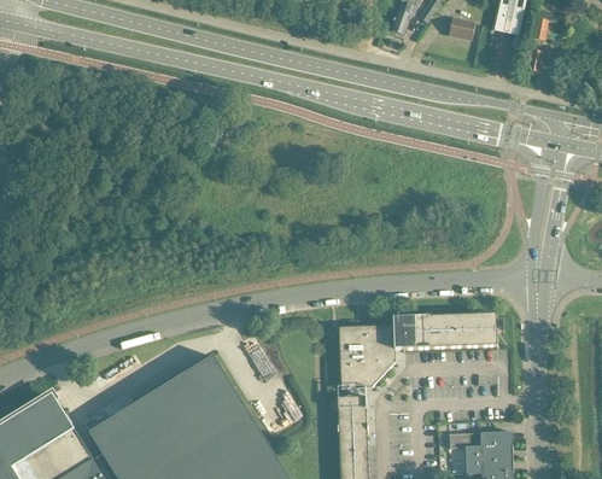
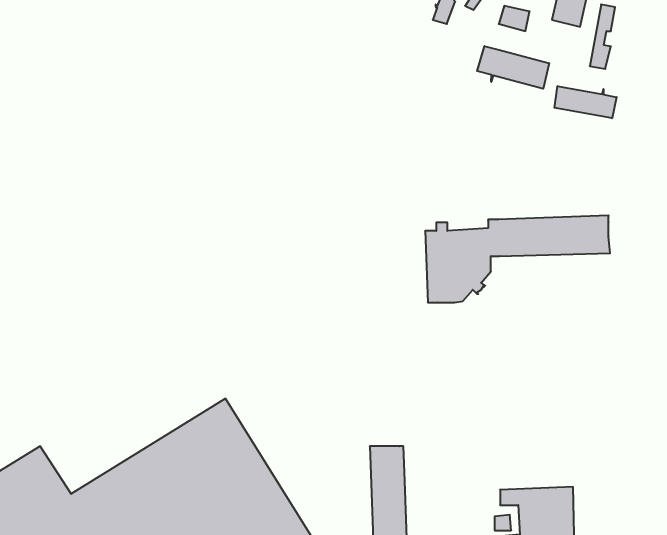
building: none -> [477,46,549,89]
building: none -> [554,86,617,118]
building: [338,312,497,387] -> [425,215,610,302]

